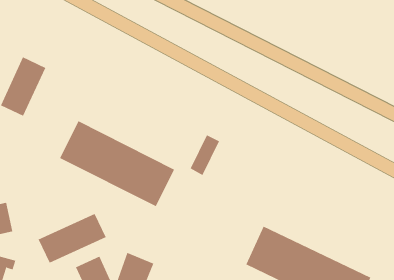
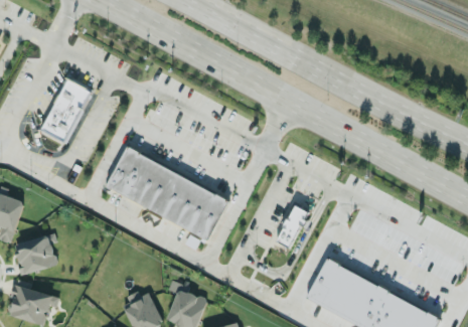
building: [190,135,220,176] -> [277,205,309,250]
building: [38,213,106,263] -> none

